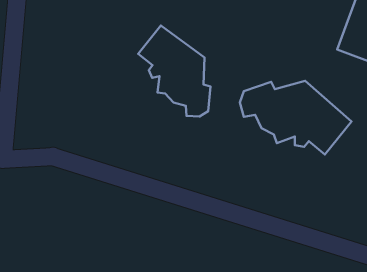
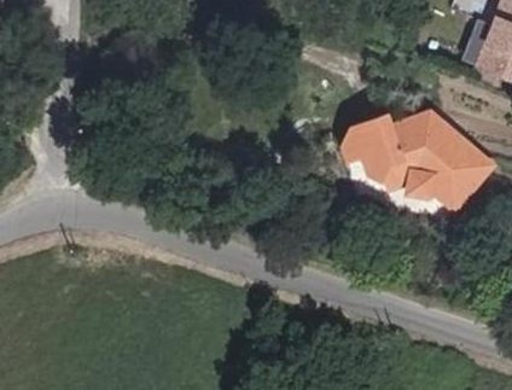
building: [138,25,211,116] -> none

